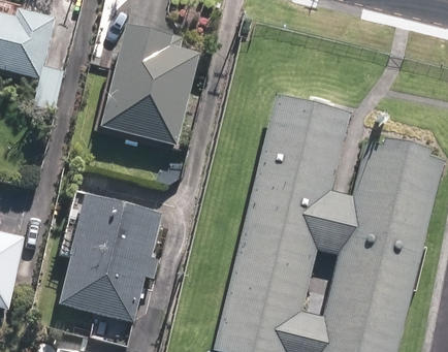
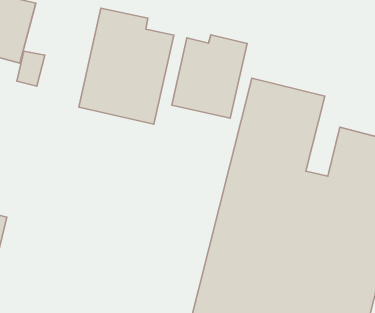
building: none -> [172,35,247,118]
building: [56,192,158,322] -> none

